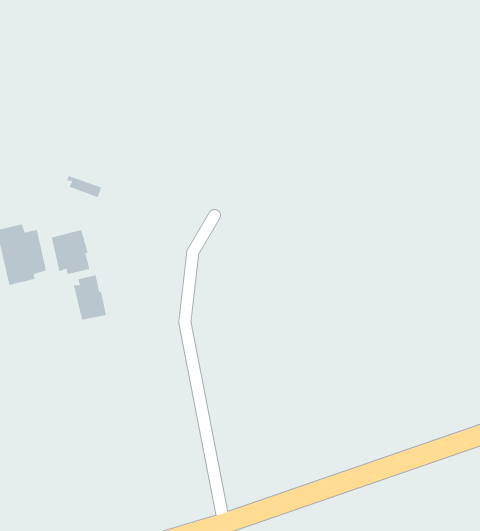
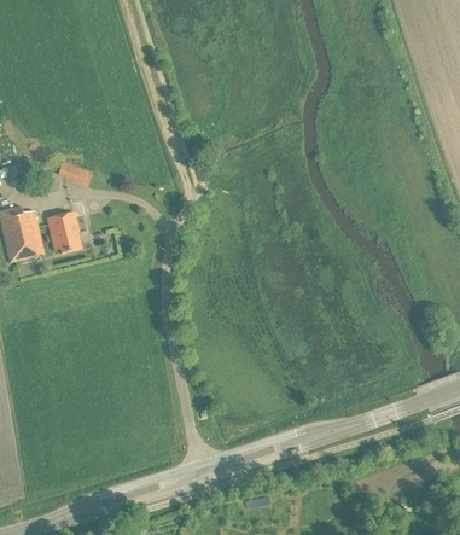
building: [73,274,107,320] -> none

